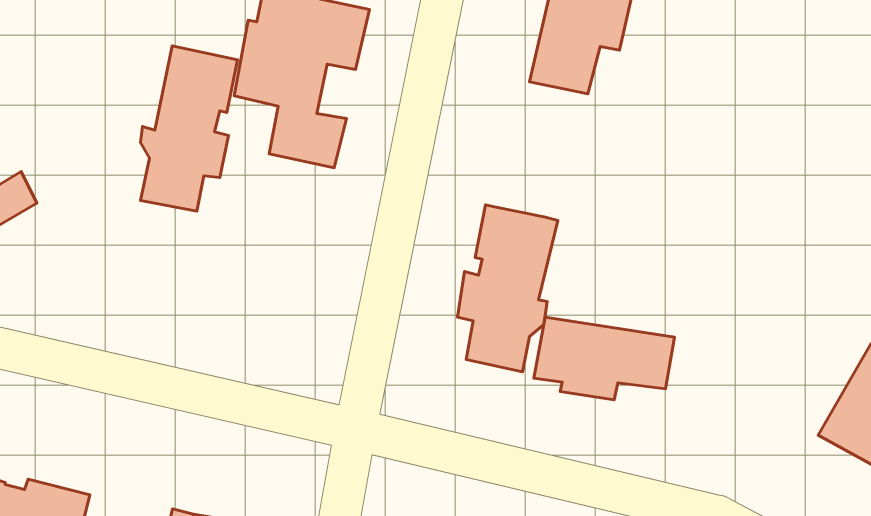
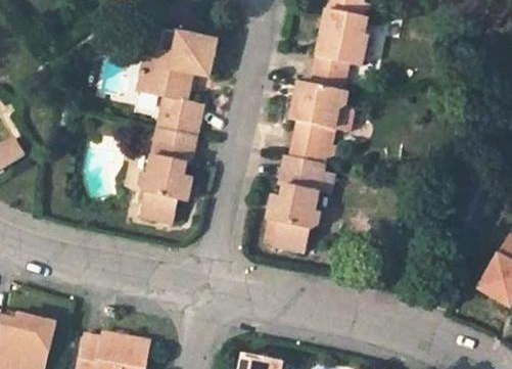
building: [141,46,237,211] -> [140,126,196,222]
building: none -> [288,82,350,163]
building: [534,317,675,400] -> none

